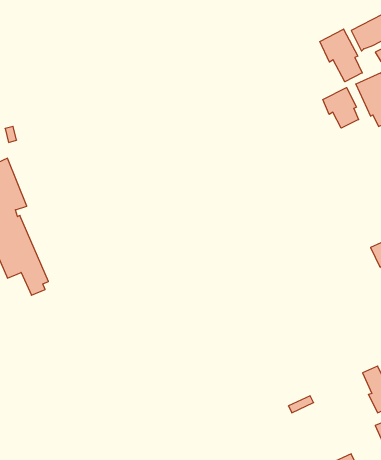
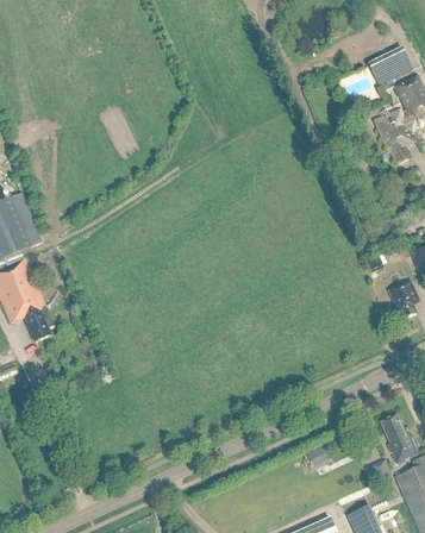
building: [320,29,362,82] -> none
building: [323,88,359,128] -> none

